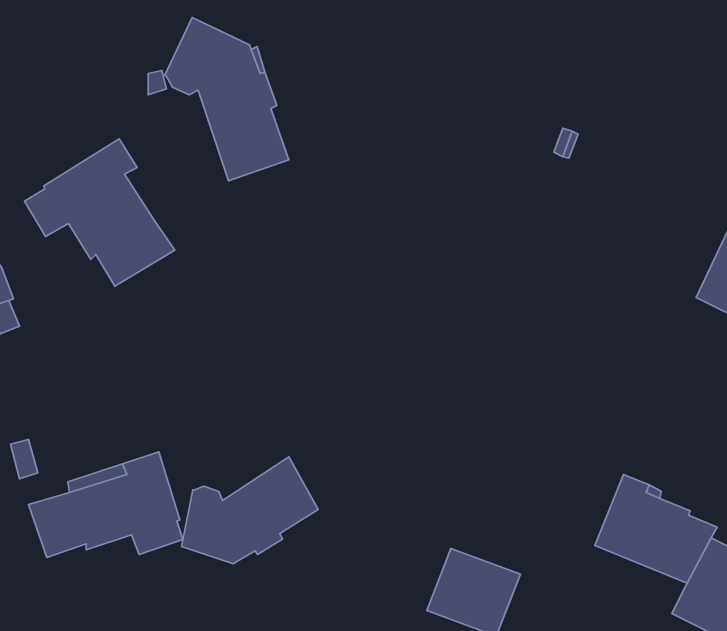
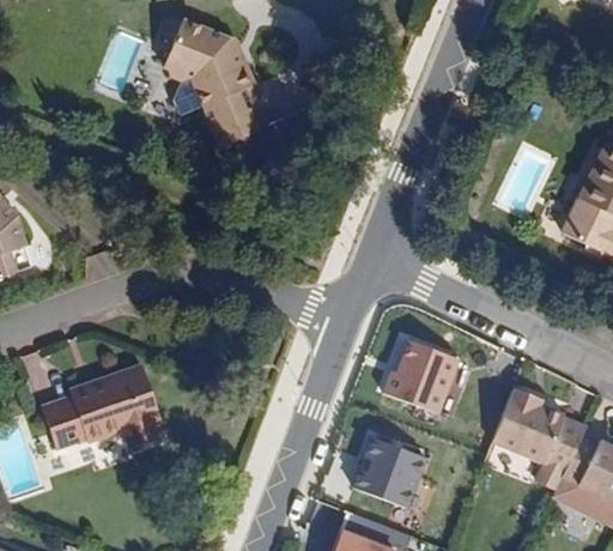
building: [25,139,175,286] -> none
building: none -> [386,341,463,416]
building: [182,457,318,564] -> none

